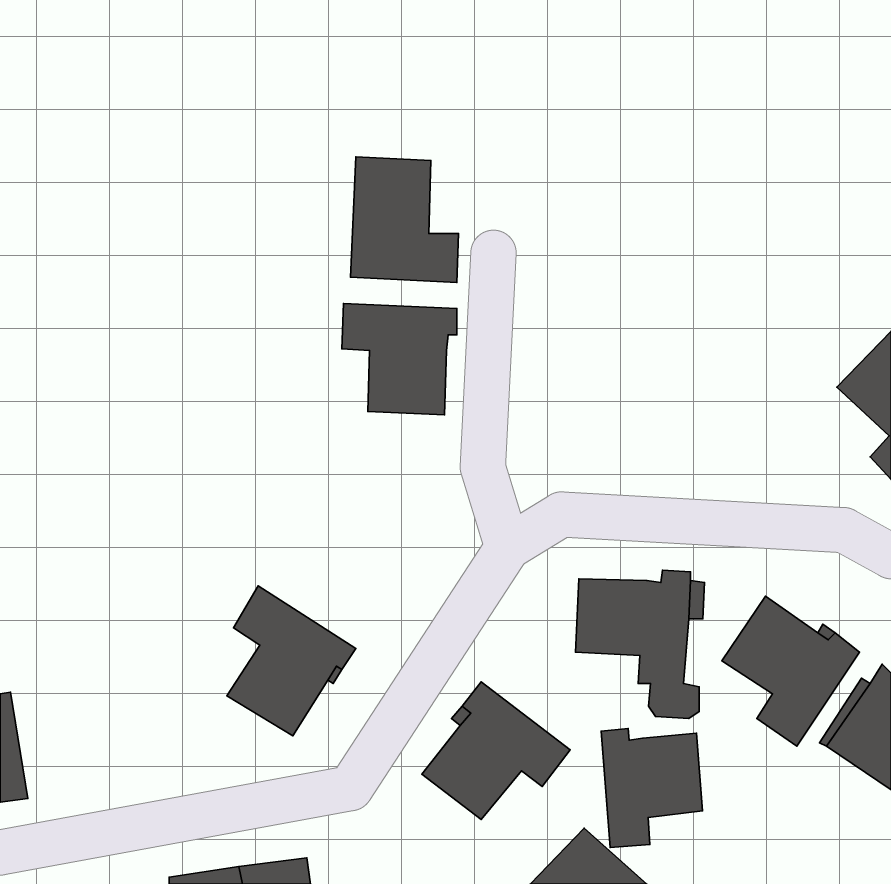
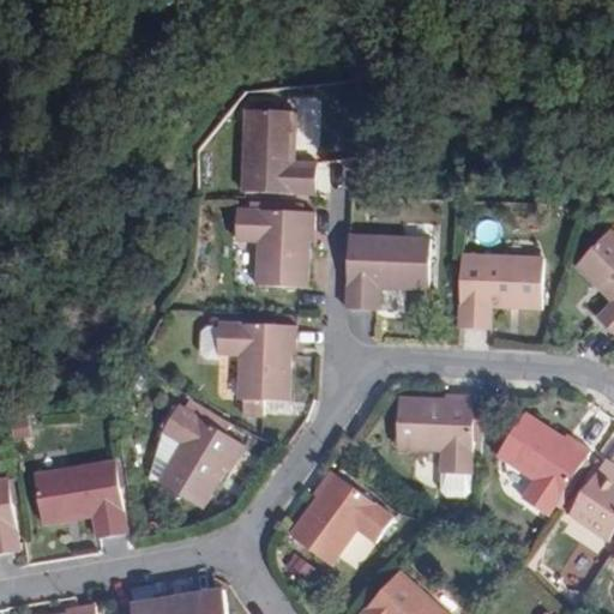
building: none -> [345,233,431,308]
building: none -> [458,251,544,327]
building: none -> [217,323,295,415]
building: none -> [35,459,127,537]
building: [601,729,702,848] -> none

